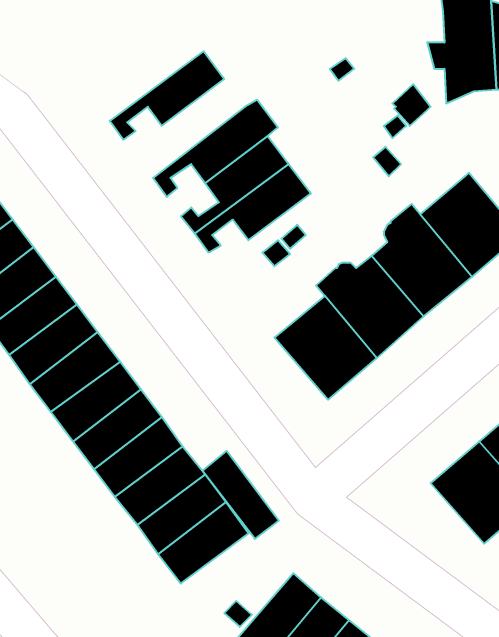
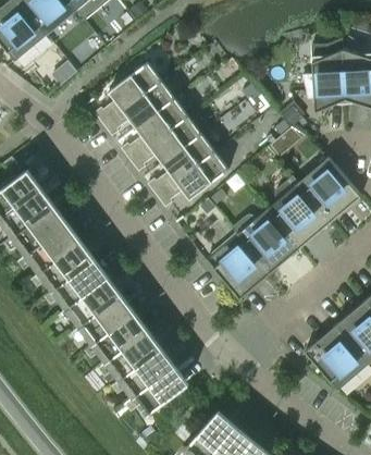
building: none -> [95,62,162,124]
building: none -> [121,98,188,160]
building: [202,451,279,539] -> none

